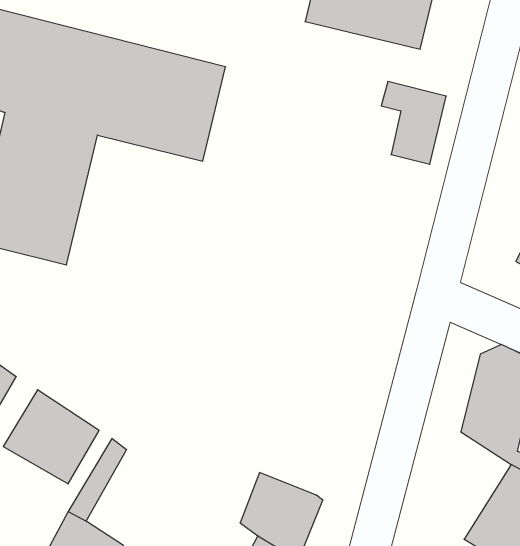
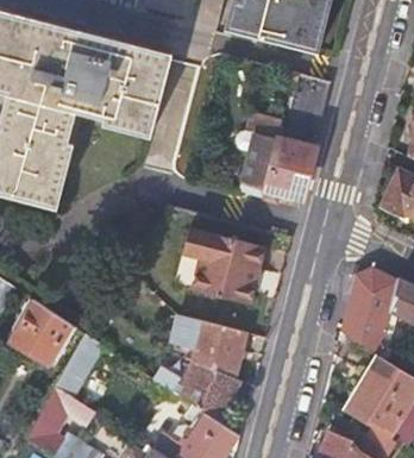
building: none -> [242,113,316,208]
building: none -> [184,228,259,305]
building: none -> [174,315,246,377]

